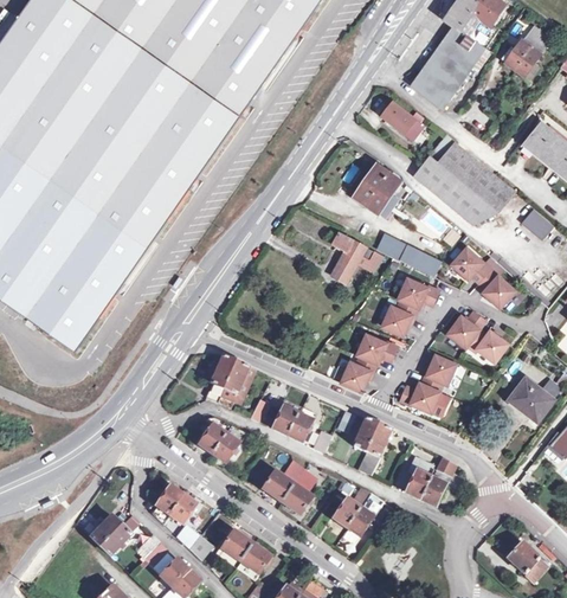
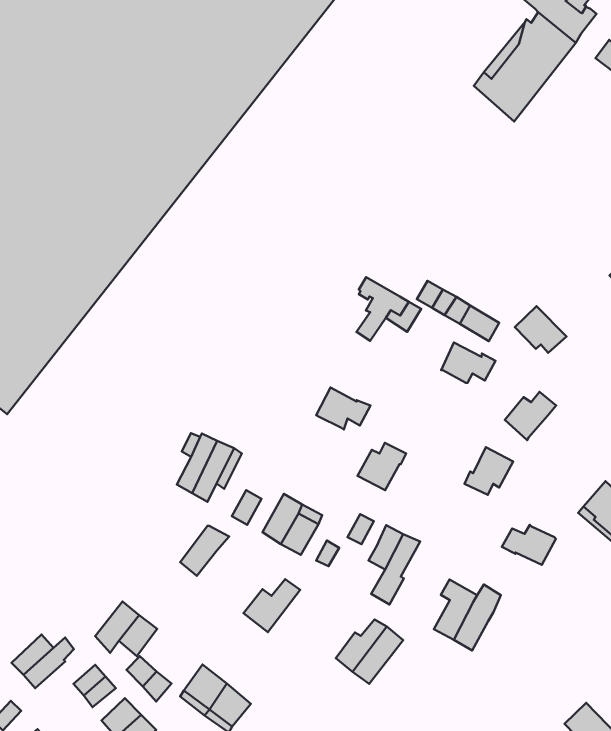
building: [381,102,424,140] -> none
building: [413,134,514,223] -> none
building: [355,165,400,213] -> none
building: [477,269,515,308] -> none
building: [381,300,417,336] -> none
building: [466,329,508,362] -> none
building: [356,334,397,365] -> [316,387,371,429]
building: [399,382,439,412] -> [502,525,556,565]
building: [196,418,230,455] -> none
building: [279,470,314,516] -> none

